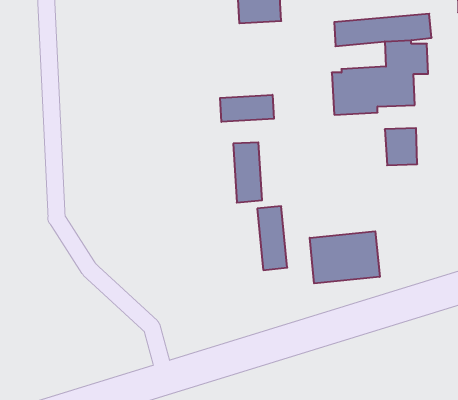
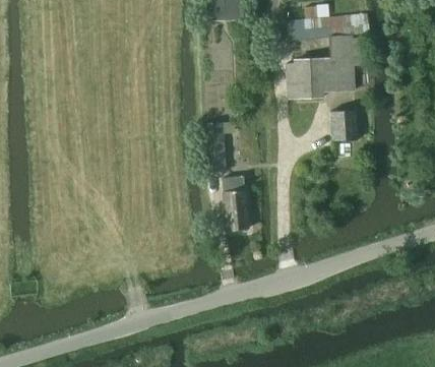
building: [220,95,274,122] -> none
building: [310,231,380,283] -> none

